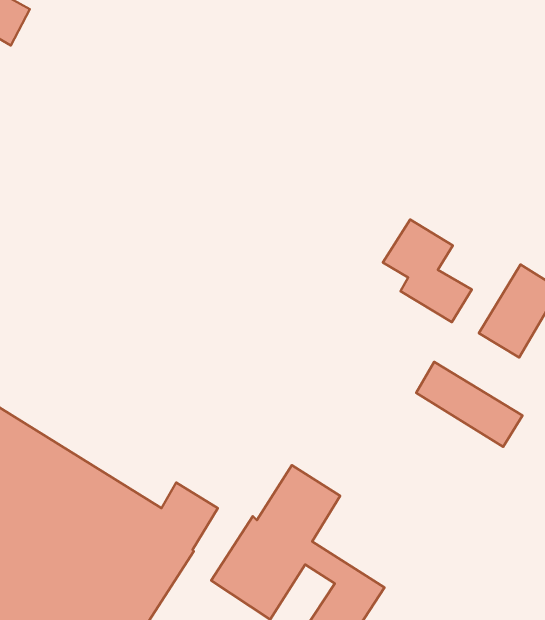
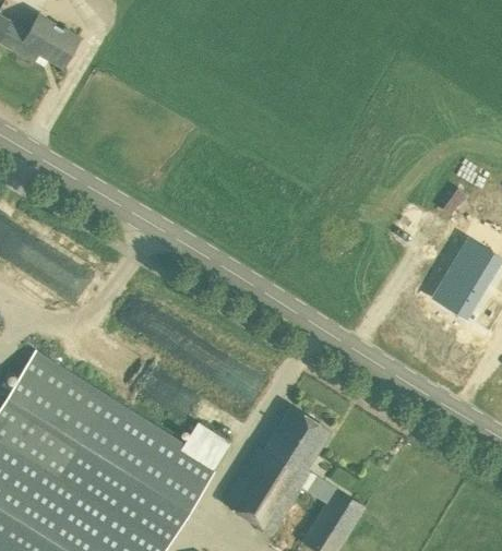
building: [383,220,472,322] -> none
building: [416,362,522,447] -> none

